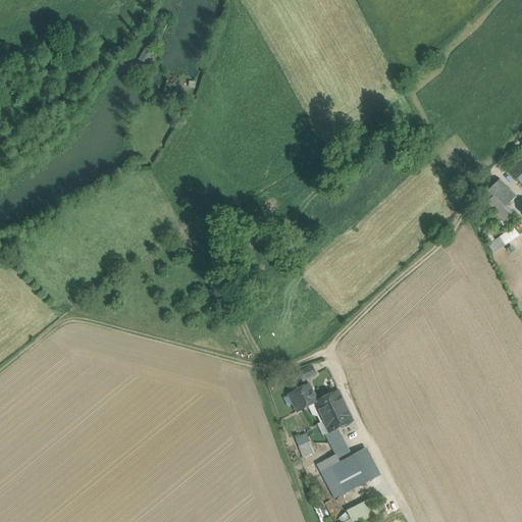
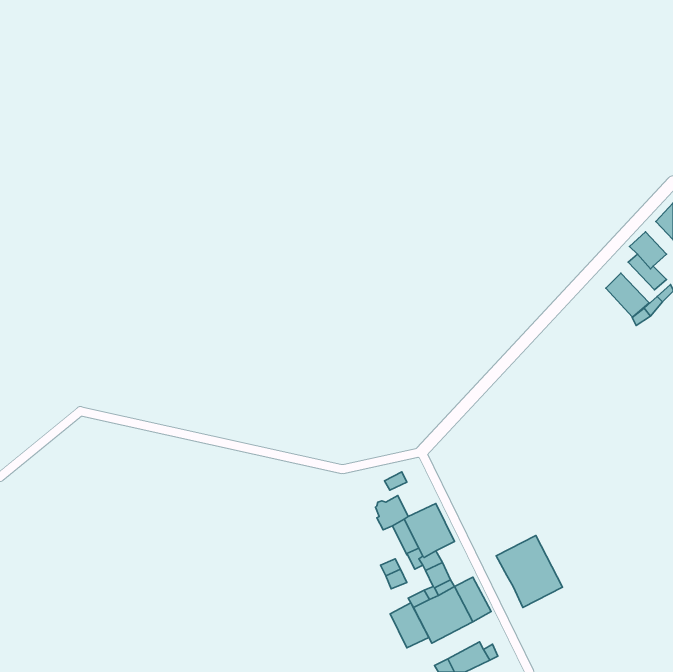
building: none -> [606,273,649,317]
building: none -> [496,536,562,607]
building: none -> [390,603,429,648]

